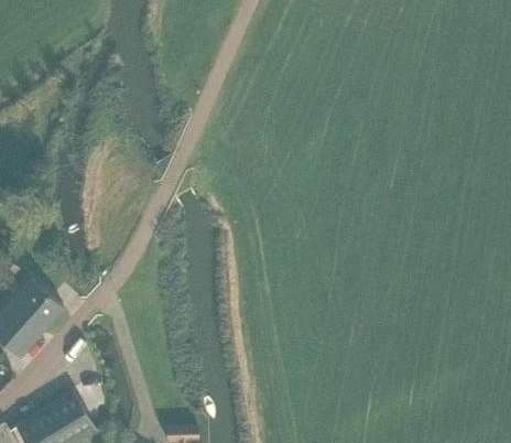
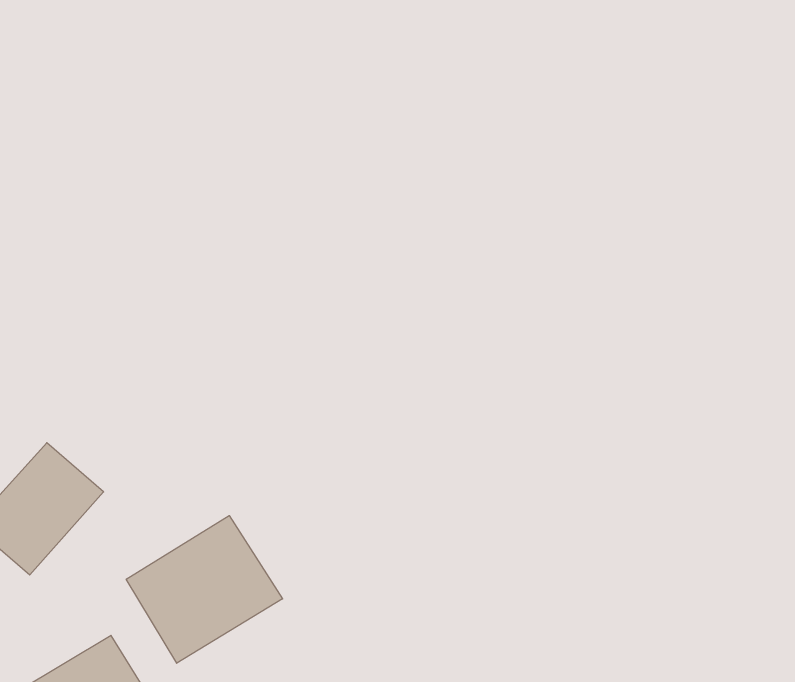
building: none -> [126,516,283,663]

